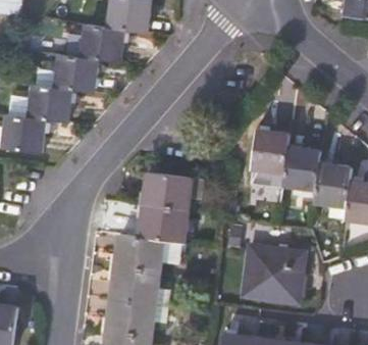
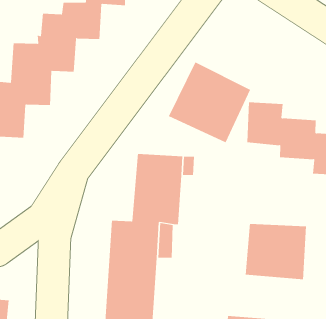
building: none -> [168,62,251,143]

